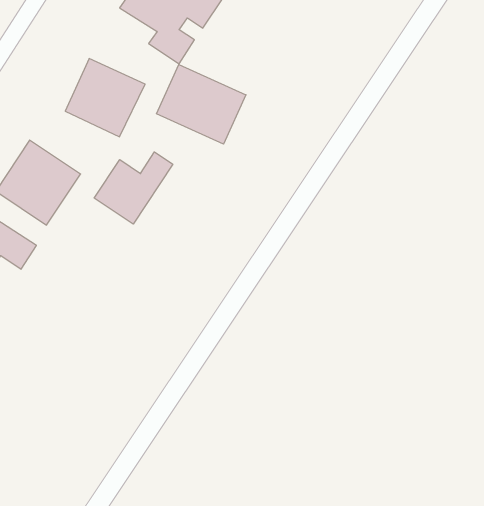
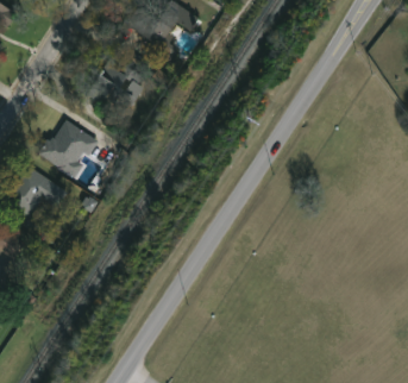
building: [157,64,246,144] -> none
building: [94,152,173,224] -> none

